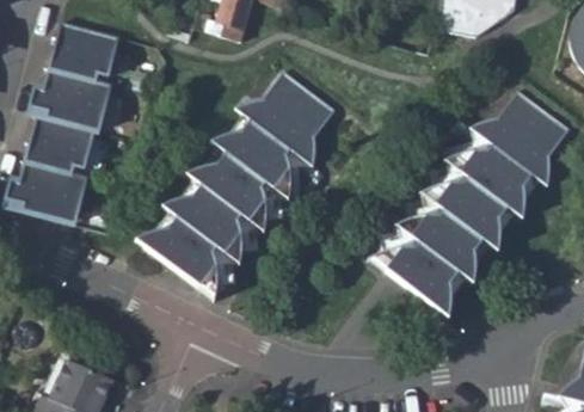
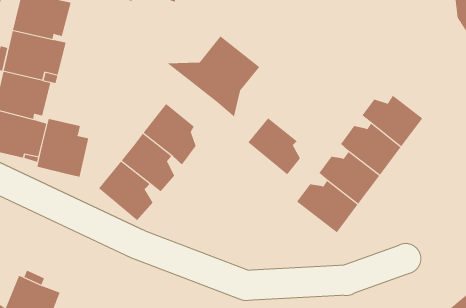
building: [468,92,565,186] -> none
building: [229,129,291,196] -> [247,118,301,175]
building: none -> [37,118,89,178]

